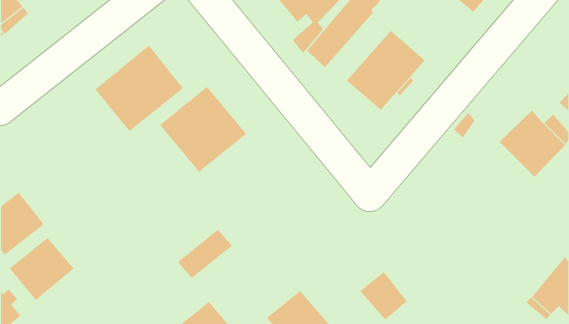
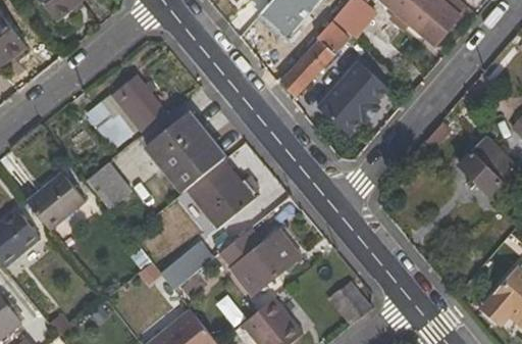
building: none -> [187,159,256,228]
building: none -> [88,162,133,208]
building: none -> [219,229,302,296]
building: [9,237,75,301] -> [27,173,87,231]

